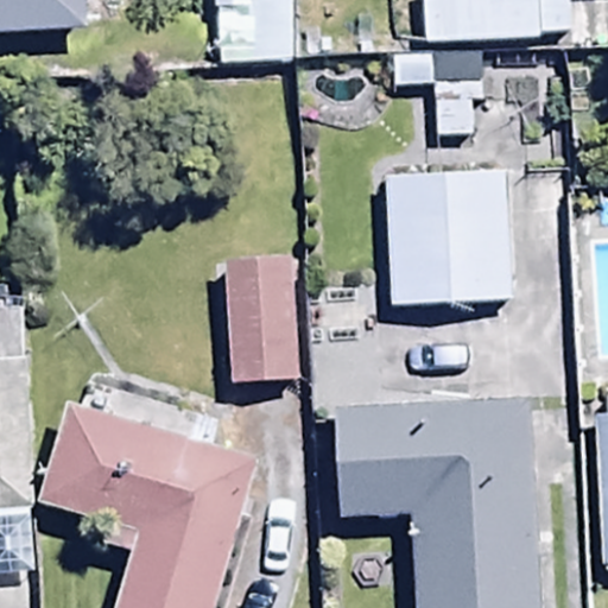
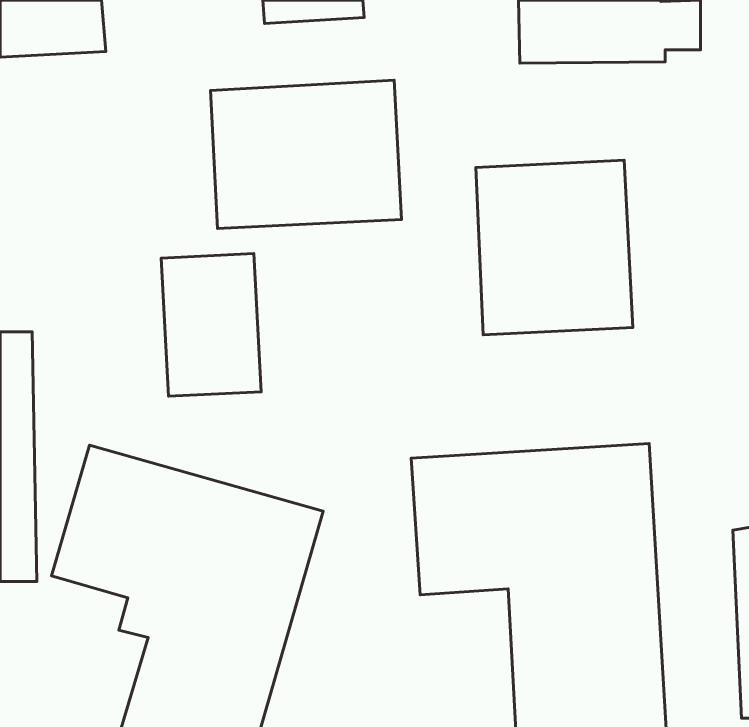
building: none -> [210,80,402,229]
building: [218,249,299,365] -> [161,254,261,396]

